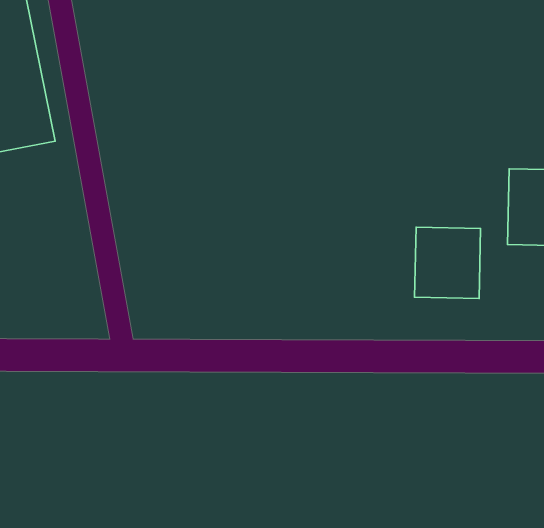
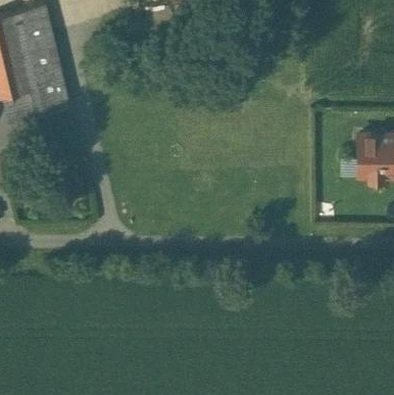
building: [415,227,481,299] -> none

